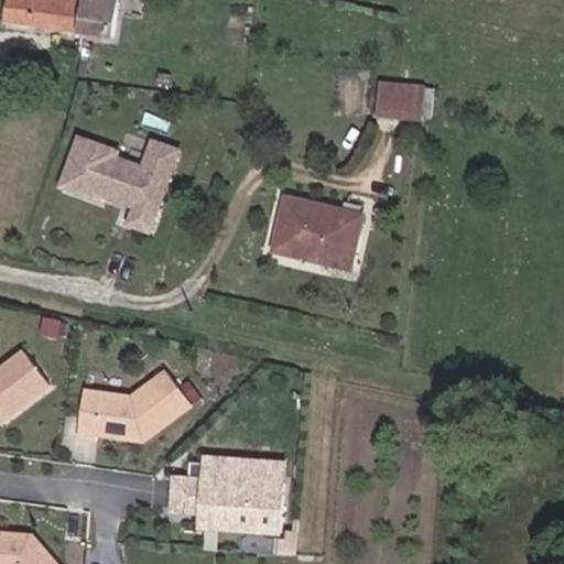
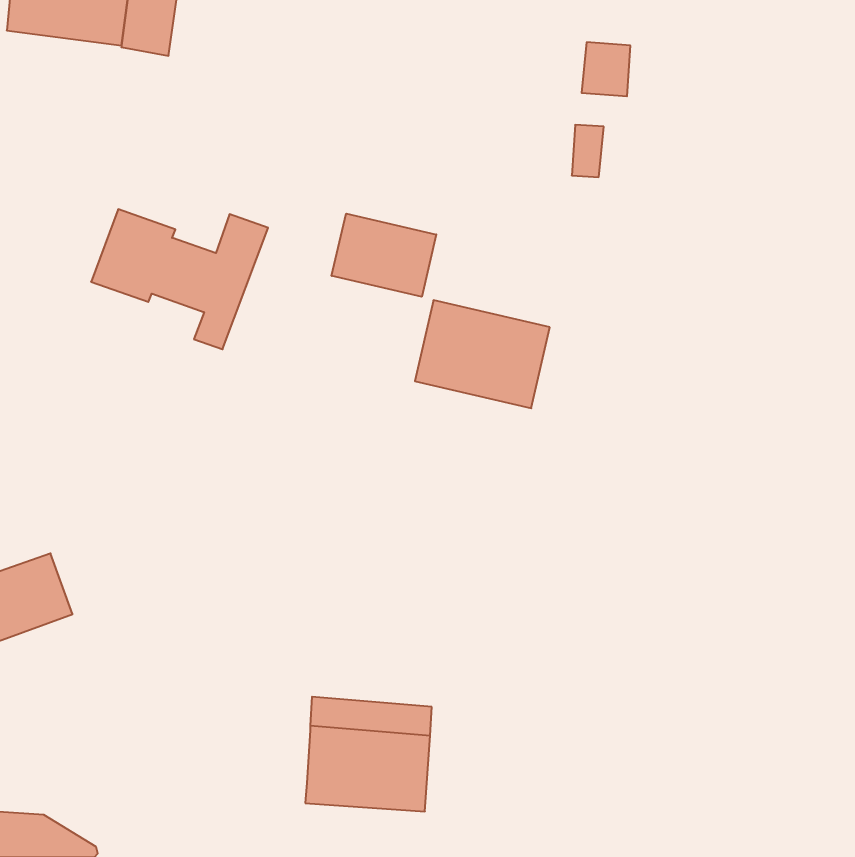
building: [391,83,423,118] -> [582,42,630,96]
building: none -> [332,214,436,297]
building: [76,382,189,438] -> none
building: [169,475,203,511] -> none

